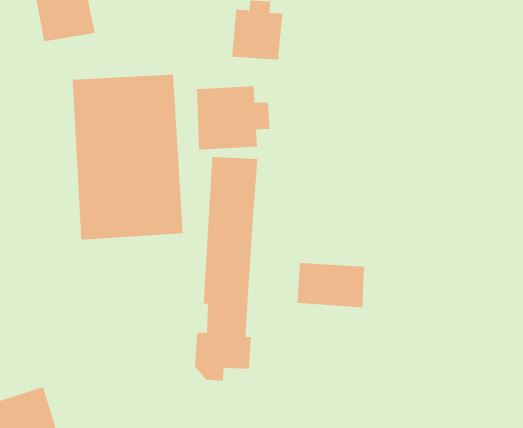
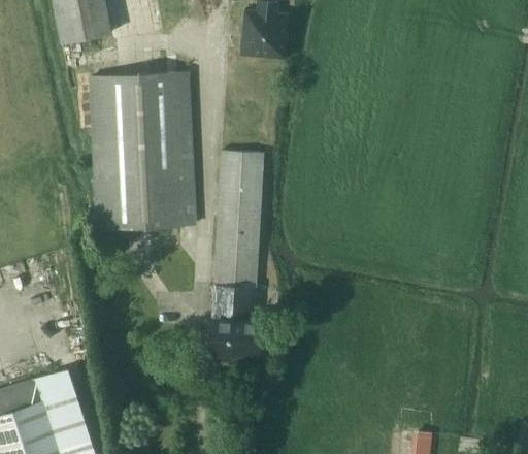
building: [197,85,270,150] -> none
building: [297,262,365,308] -> none

